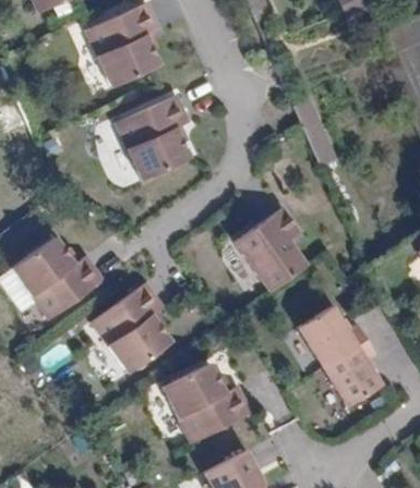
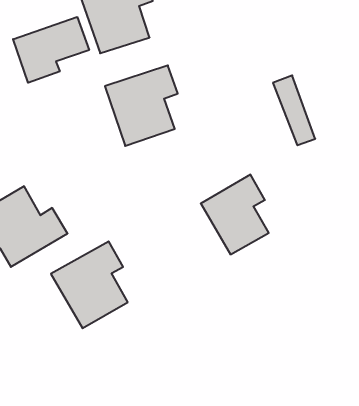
building: none -> [13,17,89,83]
building: [295,302,377,401] -> none
building: [159,359,248,439] -> none

